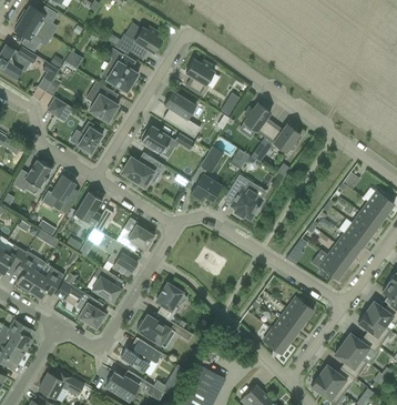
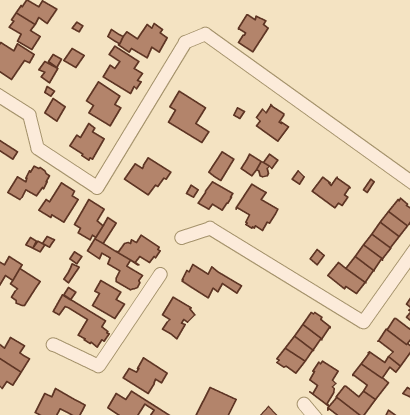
building: [185,60,213,94] -> [238,15,268,52]
building: [264,123,299,152] -> [312,177,350,208]
building: [141,125,194,153] -> none
building: [28,270,63,297] -> none
building: [136,314,192,345] -> [182,265,242,298]
building: none -> [310,361,338,406]

